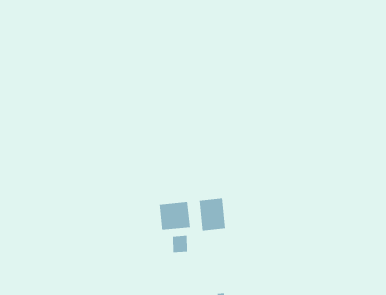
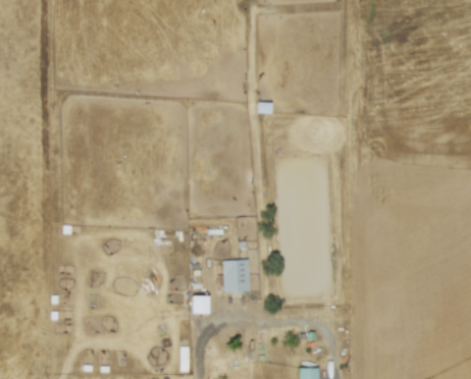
building: [159,201,190,231] -> none

